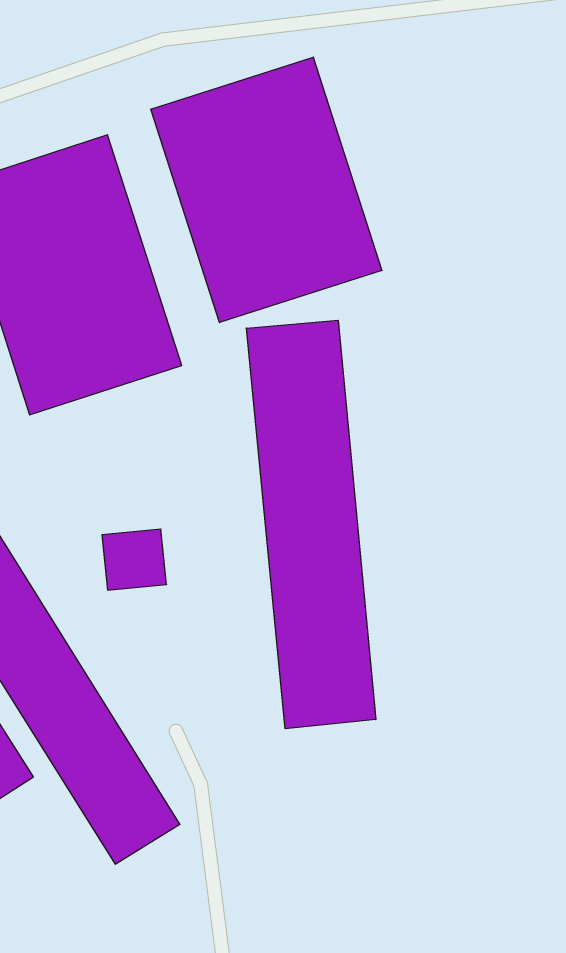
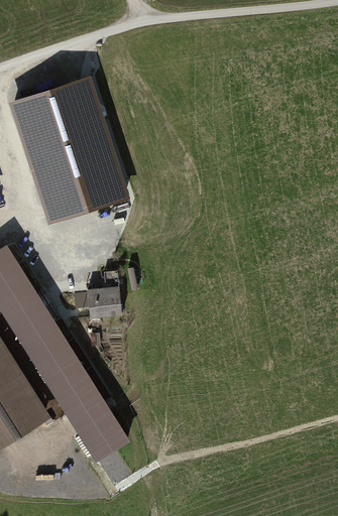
building: [151,57,382,323] -> none
building: [246,320,376,729] -> none

